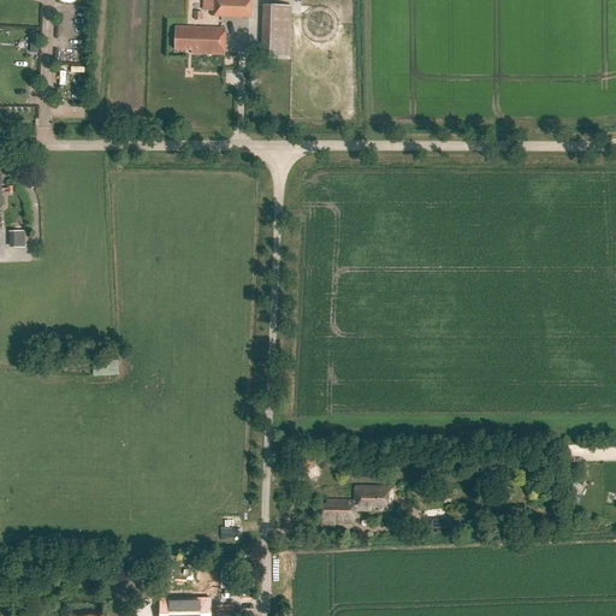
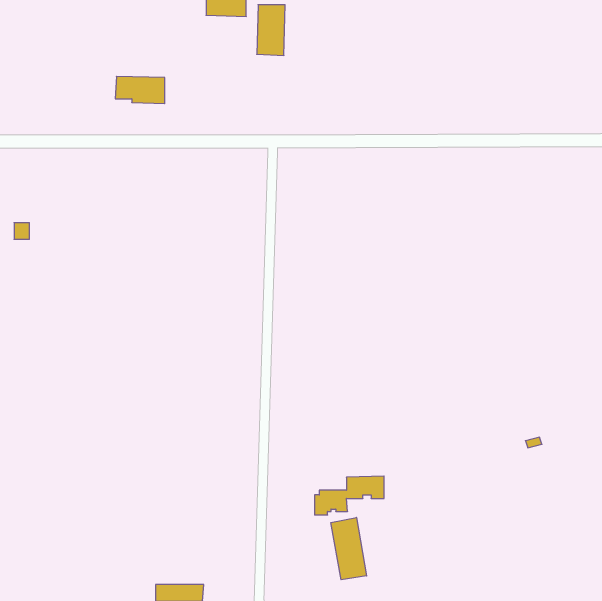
building: [174,26,225,54] -> [115,76,165,104]
building: none -> [331,517,367,580]

